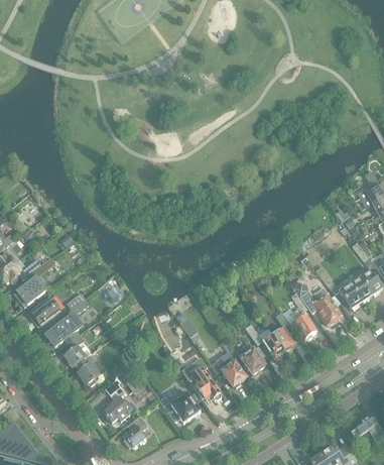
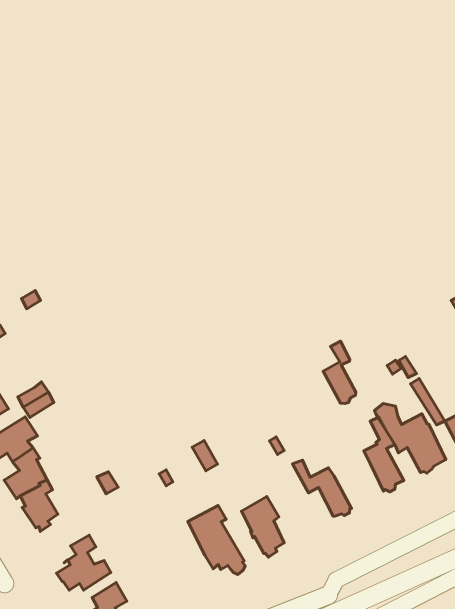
building: [271,312,293,351] -> [323,341,356,404]
building: [236,343,264,373] -> none
building: [158,388,201,422] -> none

